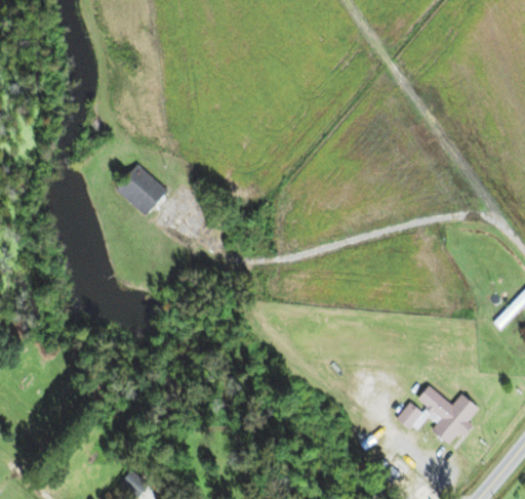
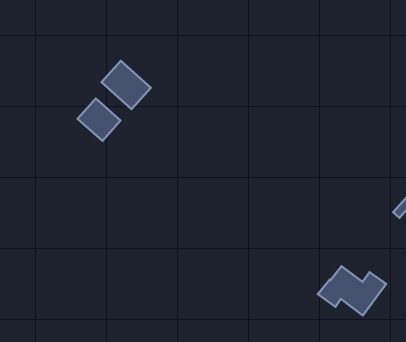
building: none -> [101,61,151,109]

